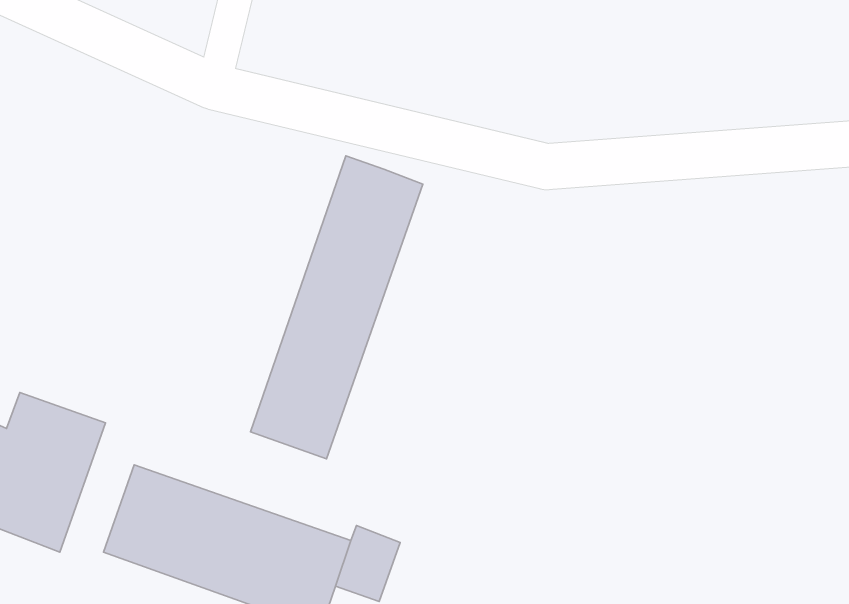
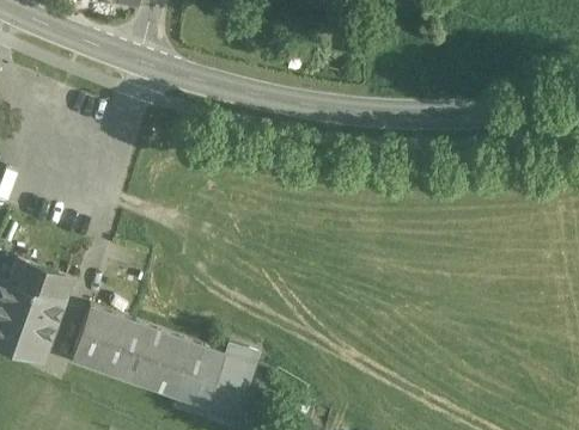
building: [250,156,423,459] -> none

